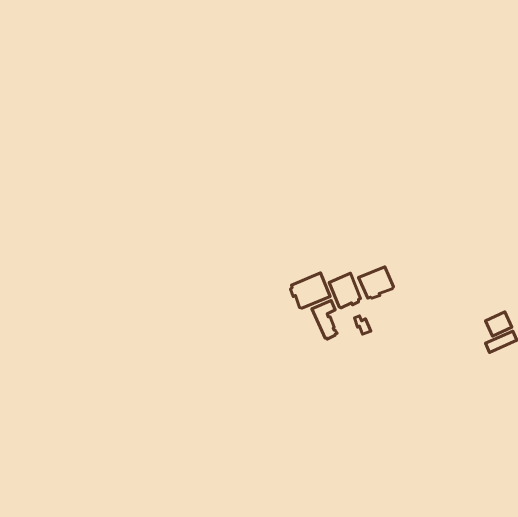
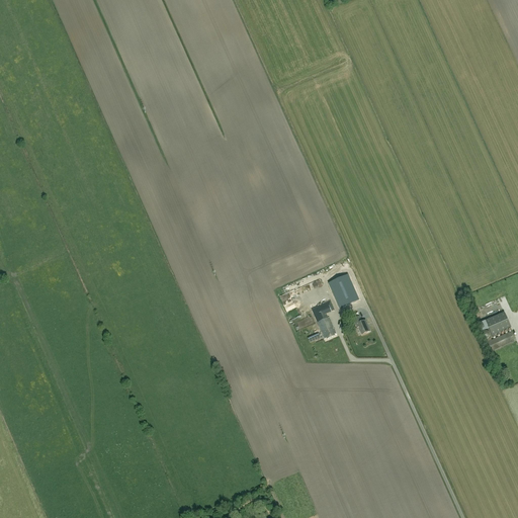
building: [359,267,393,298] -> none
building: [291,273,330,308] -> none

